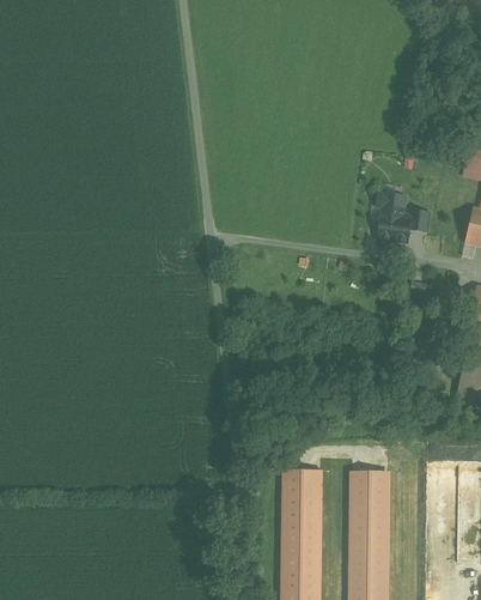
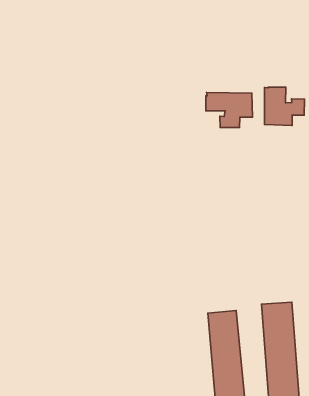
building: none -> [206,93,252,127]

